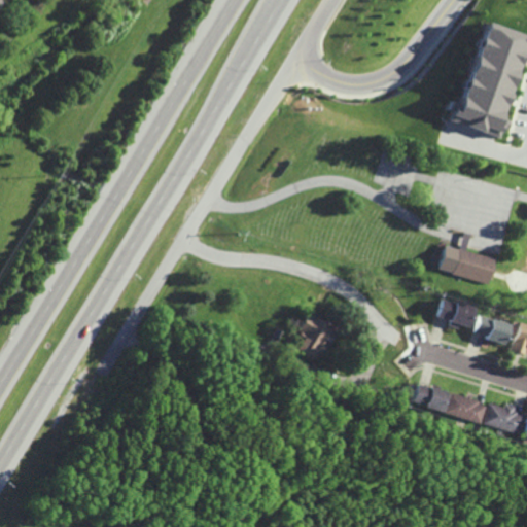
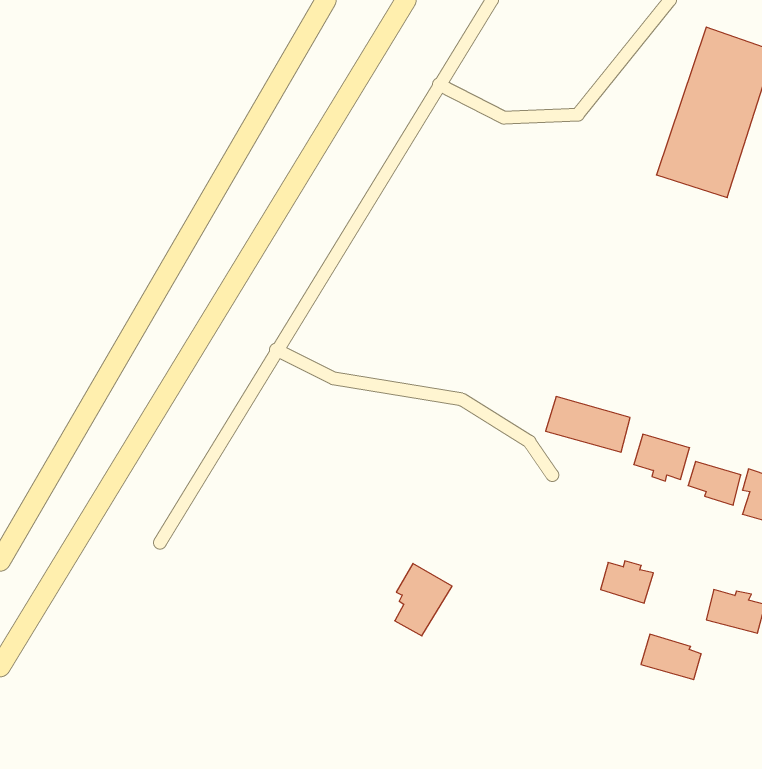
building: [440,247,497,285] -> [546,397,630,452]
building: [298,312,338,361] -> [395,563,452,636]
building: [448,393,489,424] -> [641,634,701,680]

